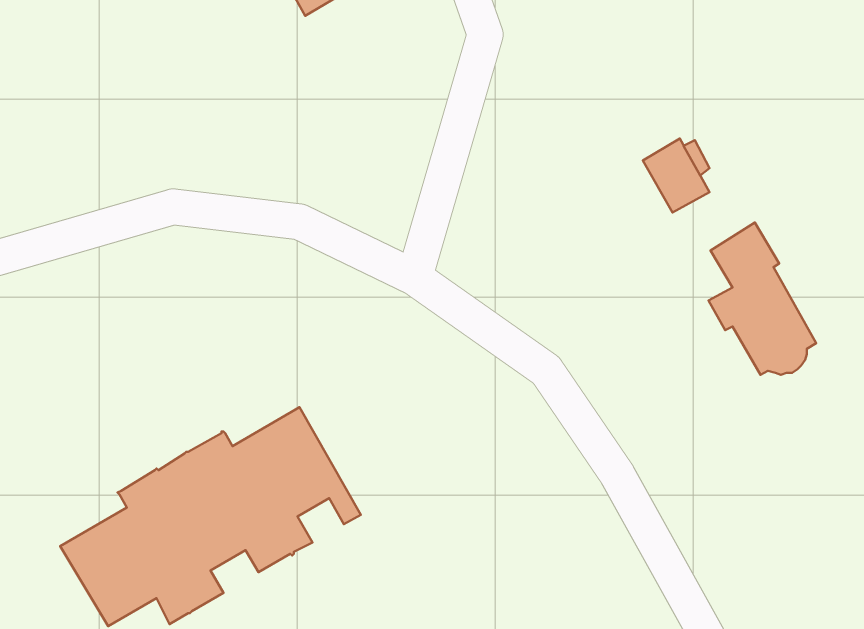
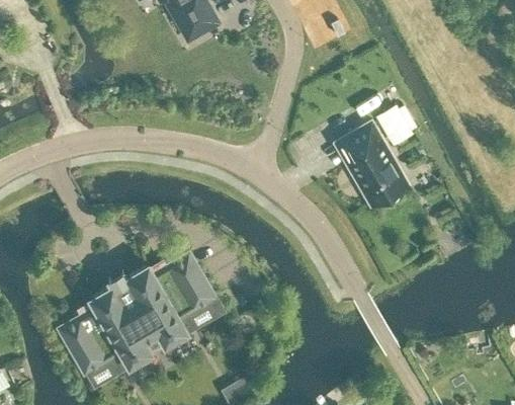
building: [709,223,816,375] -> [346,121,405,205]

